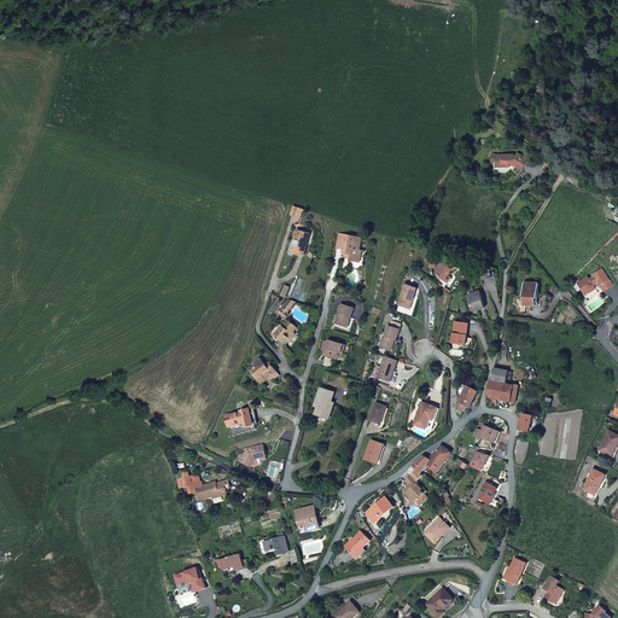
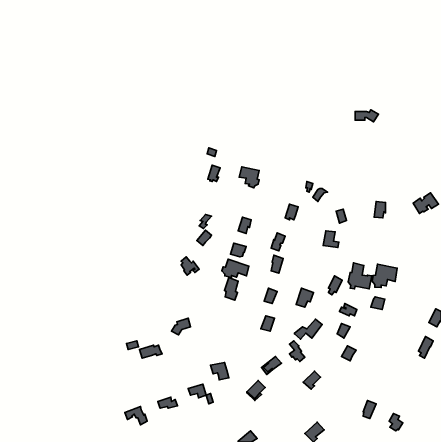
building: none -> [222,259,249,277]
building: none -> [372,264,397,287]
building: [226,408,256,436] -> none

